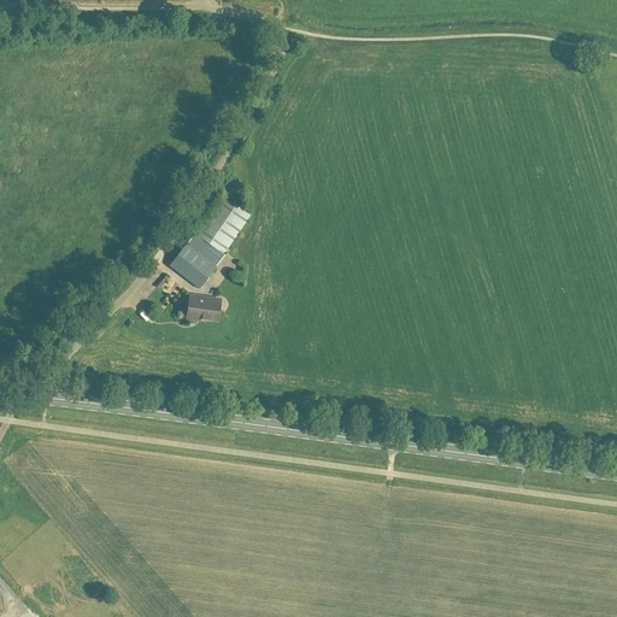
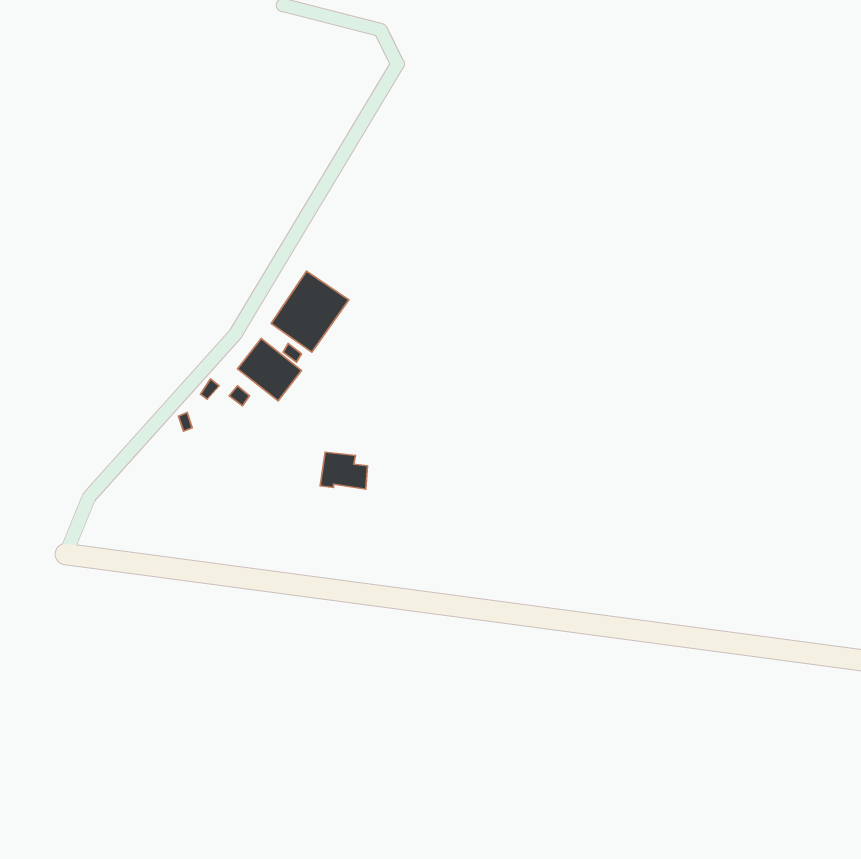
building: [186,294,219,321] -> [320,452,367,489]

